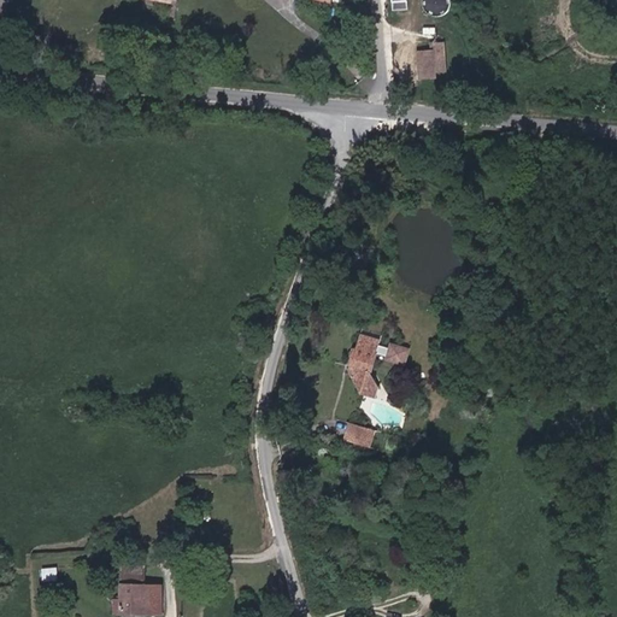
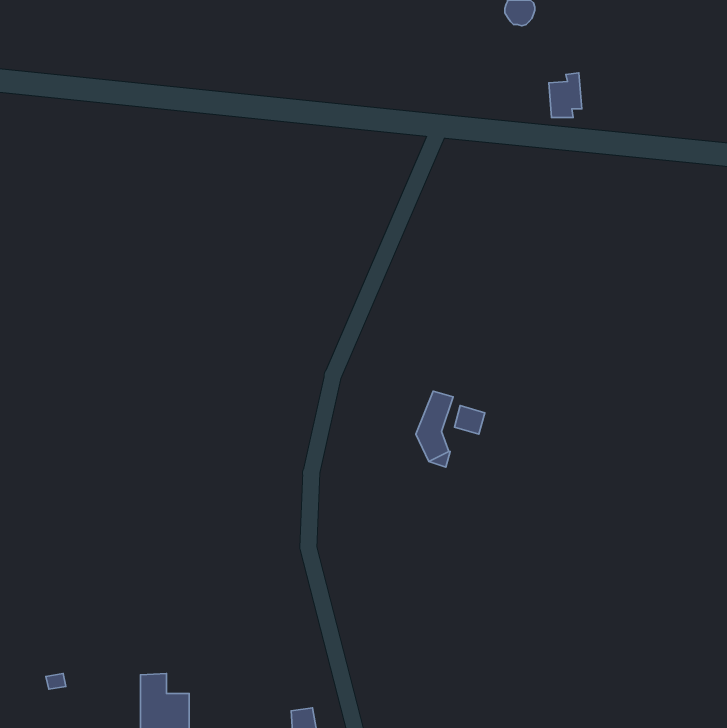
building: [416,43,443,81] -> [549,73,582,117]
building: [342,419,374,448] -> none

